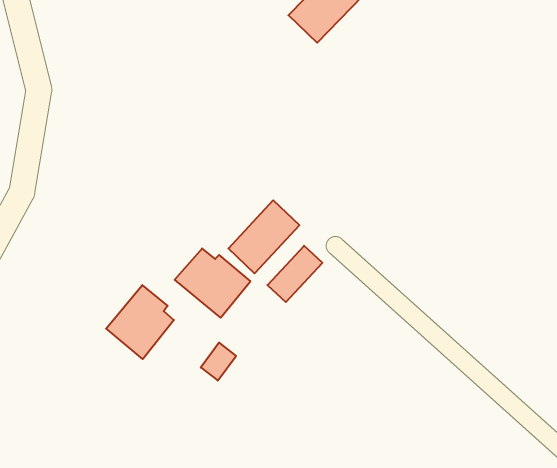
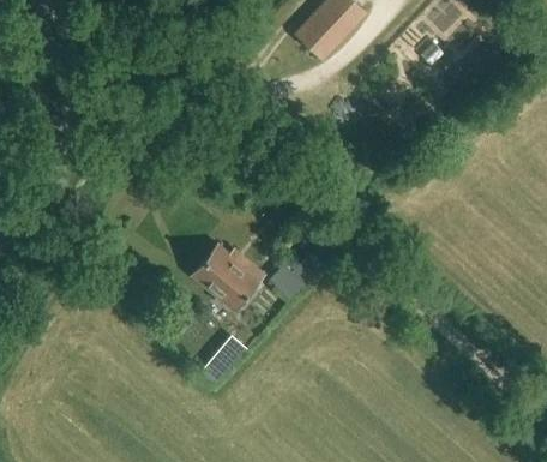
building: [228,200,299,273] -> none
building: [106,285,174,359] -> none

